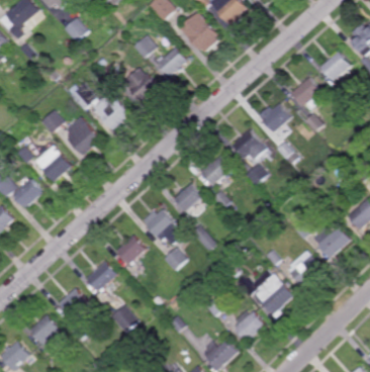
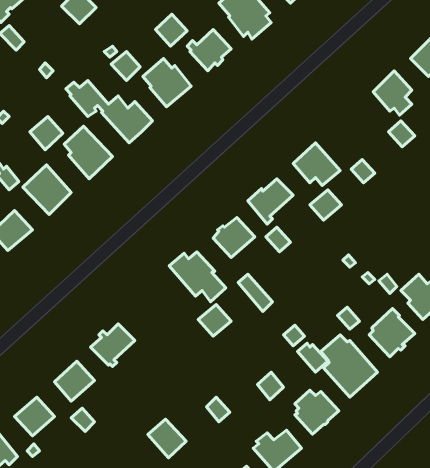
building: [261,103,291,133] -> none
building: [117,236,147,265] -> none
building: [110,305,138,334] -> [148,419,186,458]

